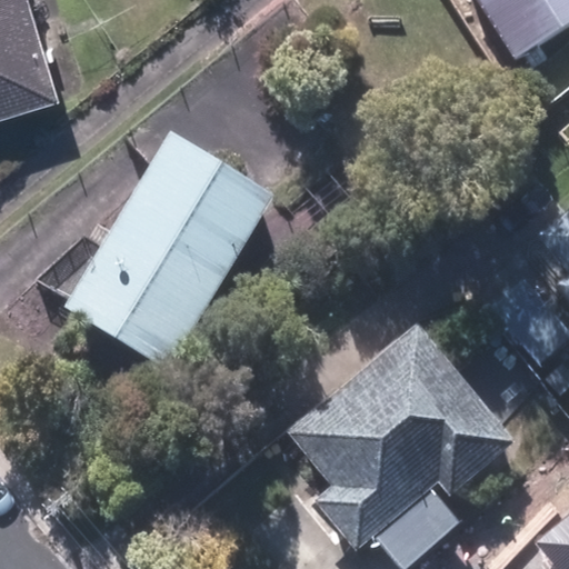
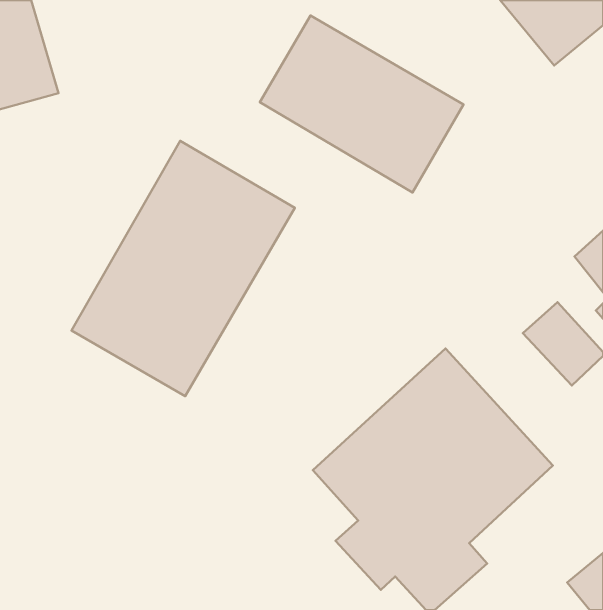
building: none -> [260,15,464,193]

